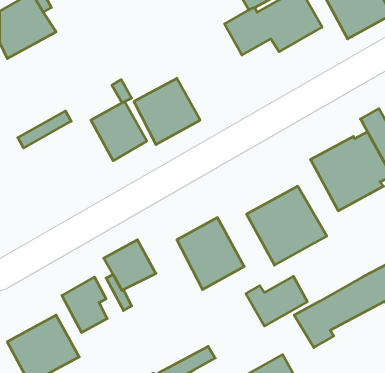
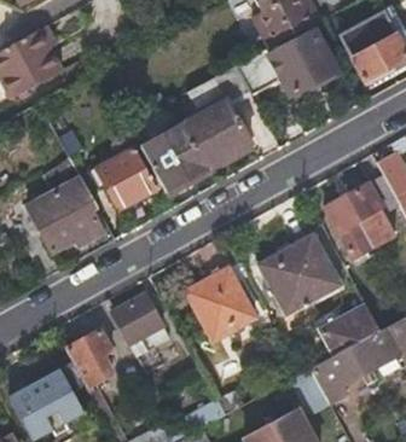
building: none -> [186,65,253,165]
building: none -> [25,180,106,254]
building: [246,276,307,326] -> [315,302,379,354]

